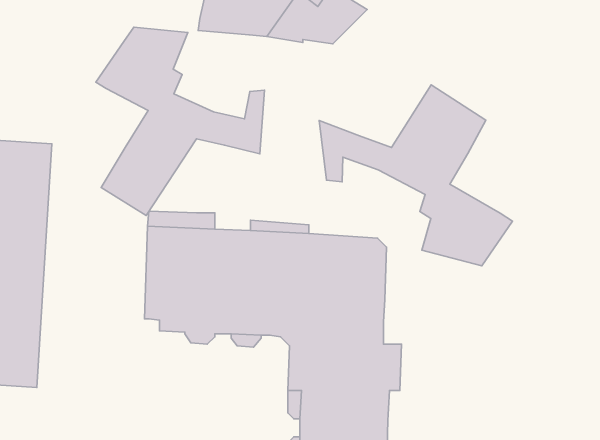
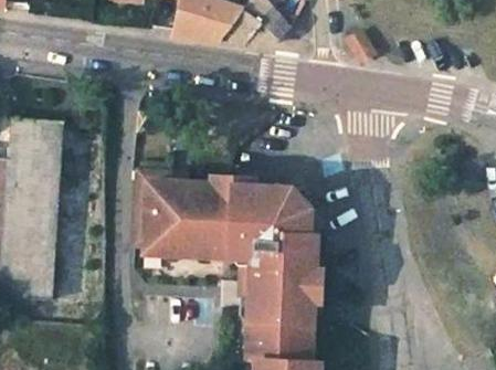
building: [96,27,264,215] -> none
building: [319,85,513,266] -> none

